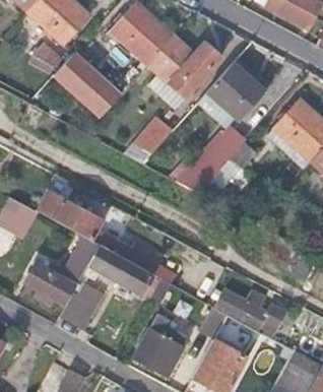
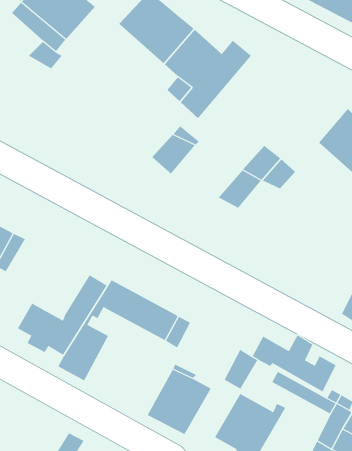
building: [53,51,121,119] -> none
building: [208,61,265,118] -> none
building: [39,190,165,270] -> none

